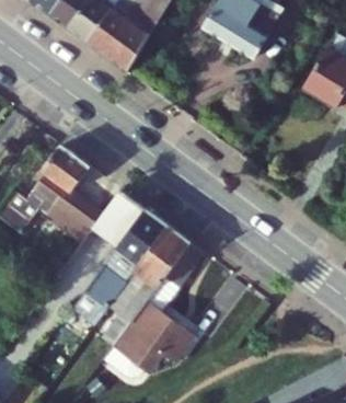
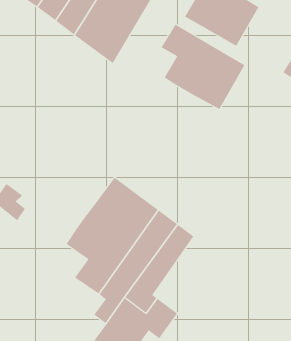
building: none -> [161,24,245,110]
building: [30,146,106,246] -> none

